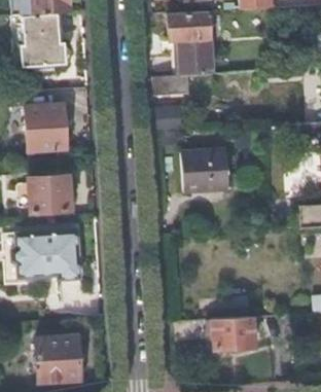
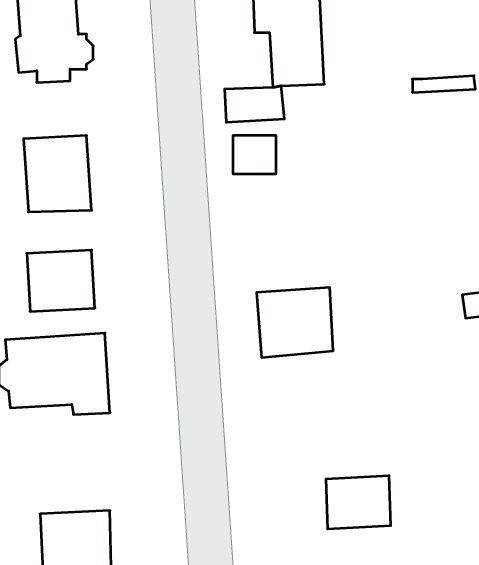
building: [181,150,228,193] -> [257,288,333,357]

